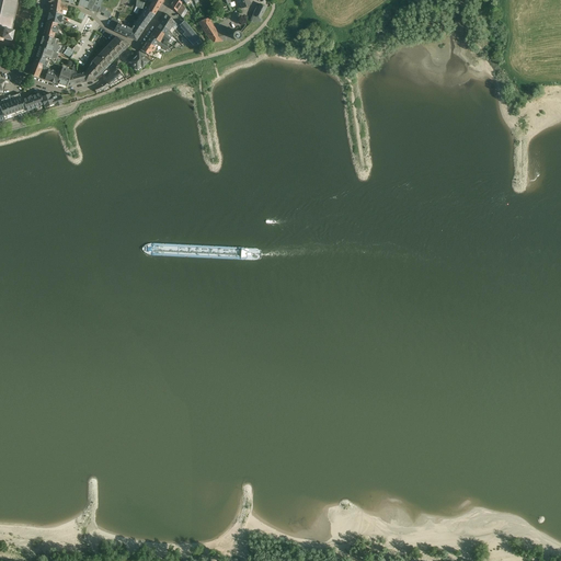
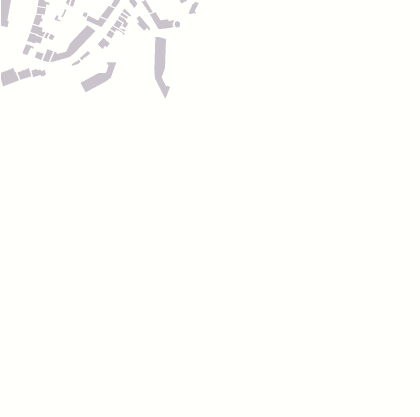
building: none -> [154,36,171,99]
building: none -> [80,61,117,93]

